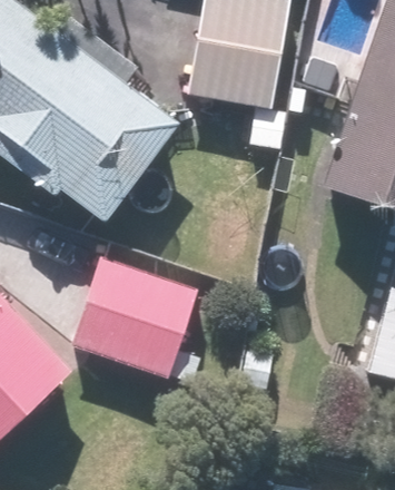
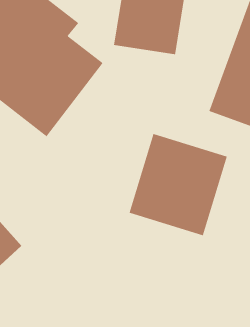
building: none -> [129,133,227,236]
building: [71,258,197,376] -> none

